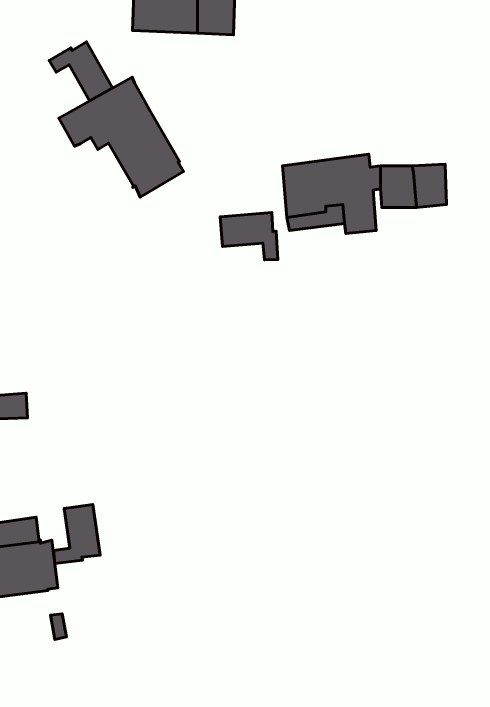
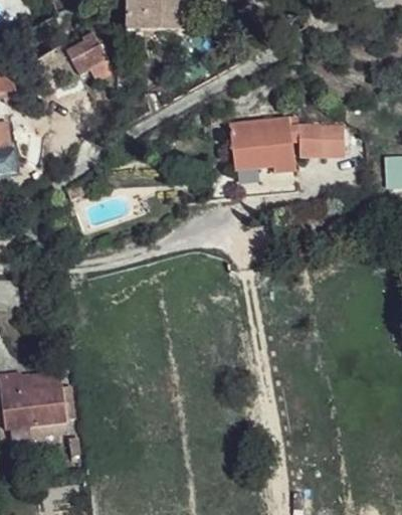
building: [59,77,184,197] -> none
building: [220,213,278,260] -> none
building: [54,505,100,564] -> none

